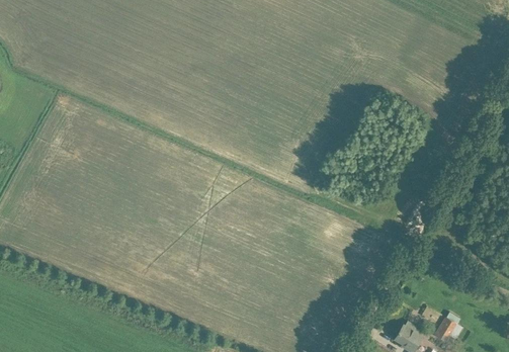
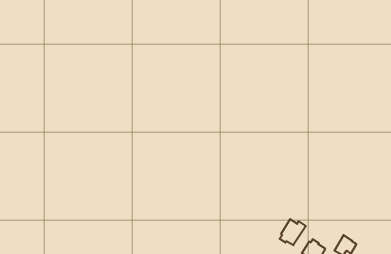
building: none -> [280,219,306,245]

